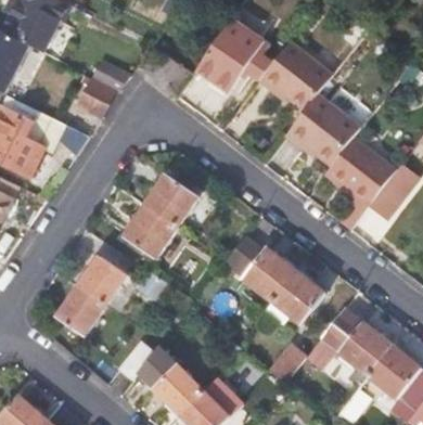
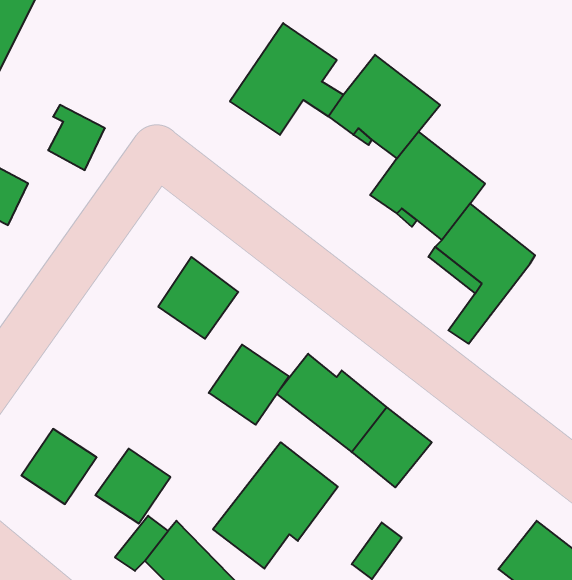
building: [363,178,406,226] -> none
building: [126,206,178,258] -> [209,345,289,425]
building: [79,255,128,304] -> [95,449,170,524]
building: none -> [213,442,338,569]
building: [321,307,394,376] -> none

